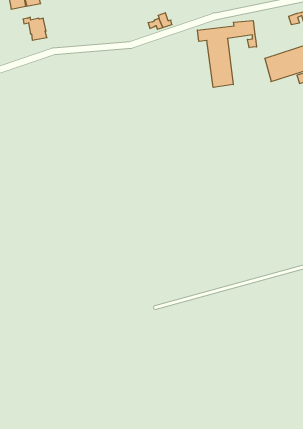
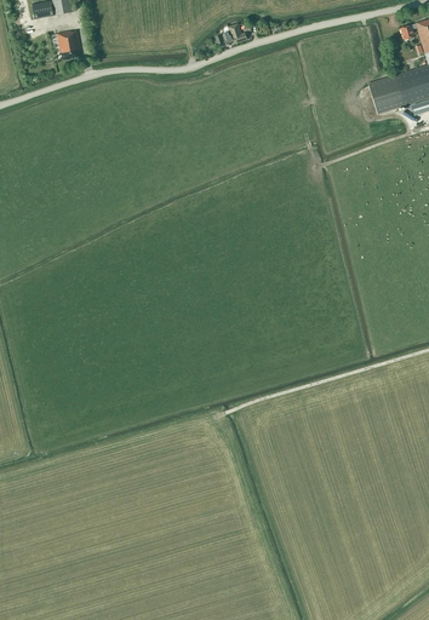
building: [197,21,257,87] -> none

